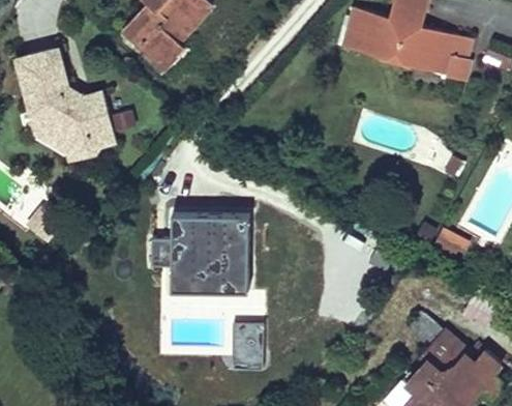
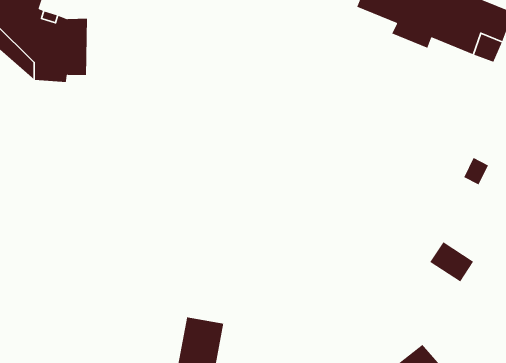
building: [172,223,248,301] -> none

